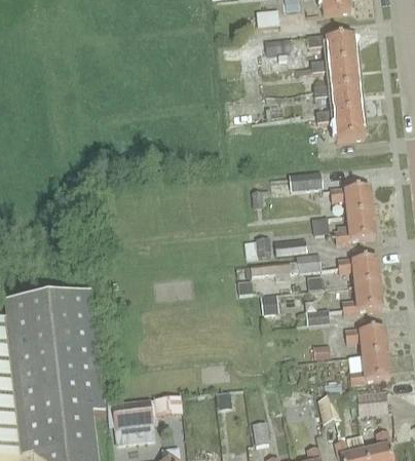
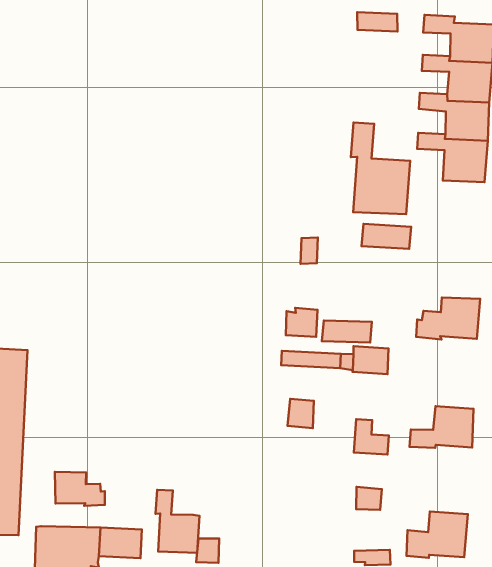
building: none -> [351,123,410,214]
building: [331,188,373,216] -> none
building: [337,258,380,285] -> none
building: [345,329,387,353] -> none
building: none -> [55,472,105,506]
building: none -> [156,490,199,553]

